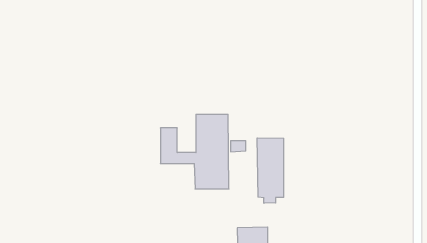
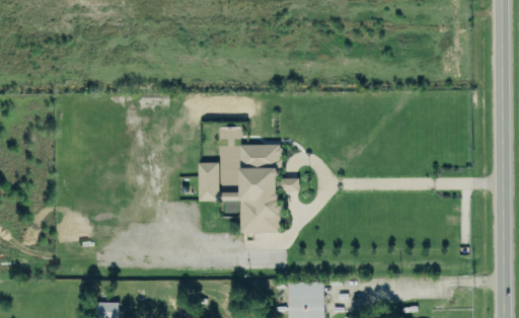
building: [257,138,284,203] -> none

